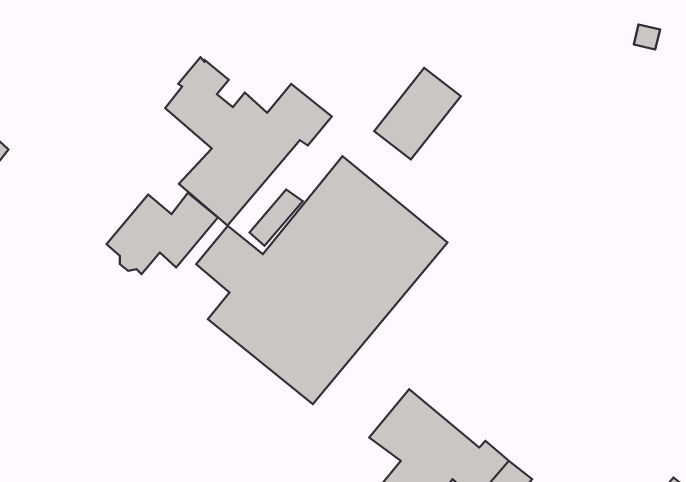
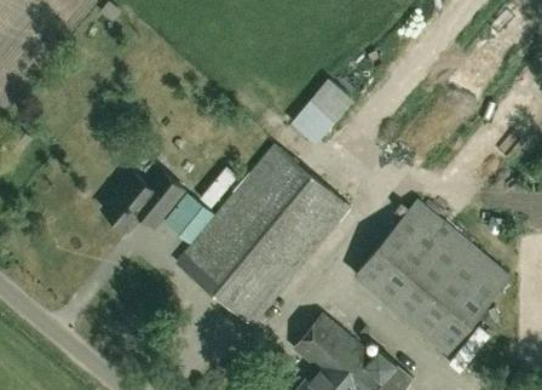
building: [165,57,332,226] -> none
building: none -> [354,200,509,351]

